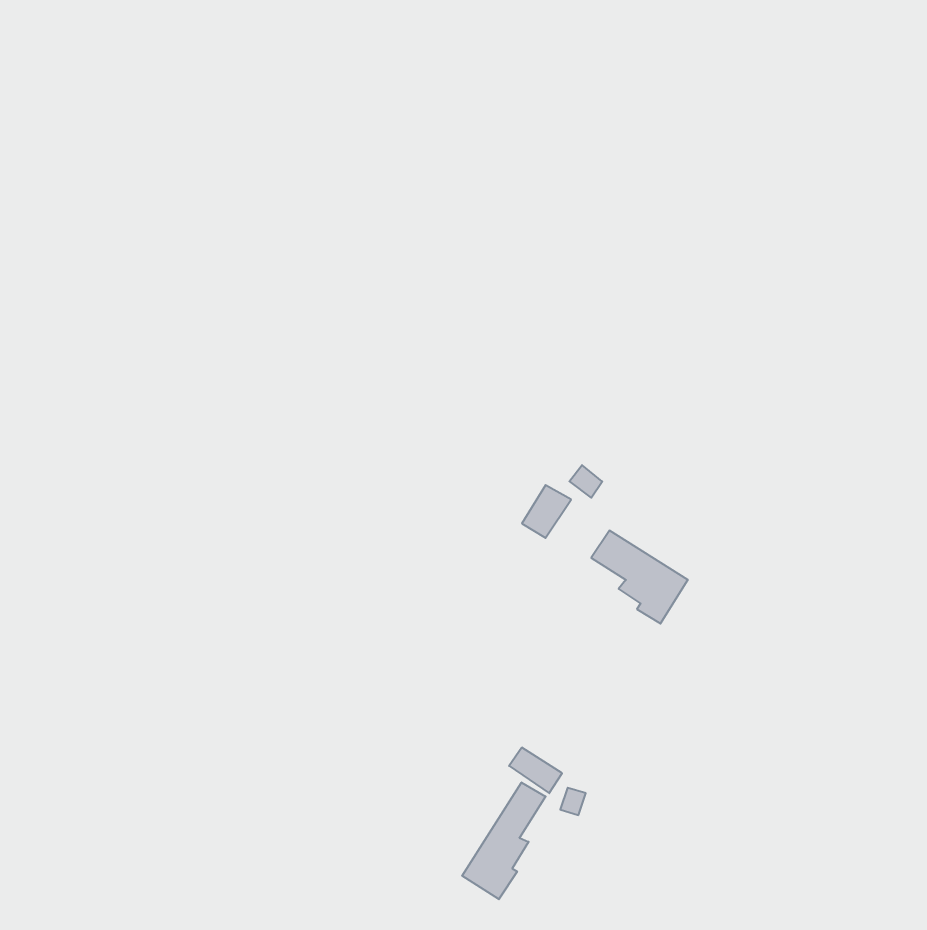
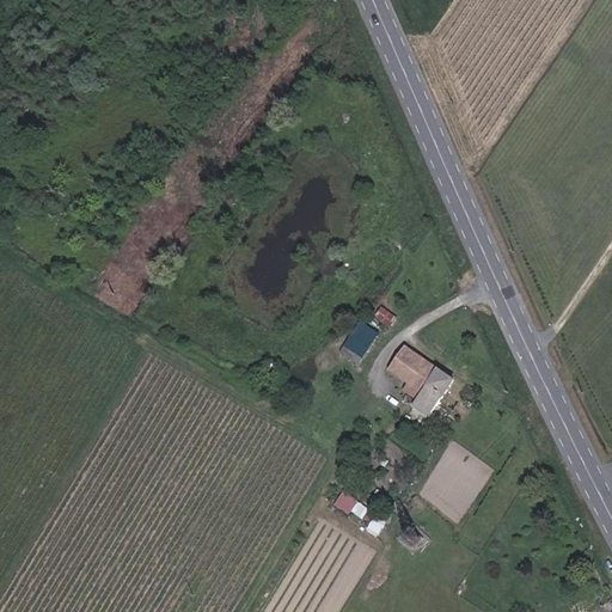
building: [462,782,546,899] -> none

